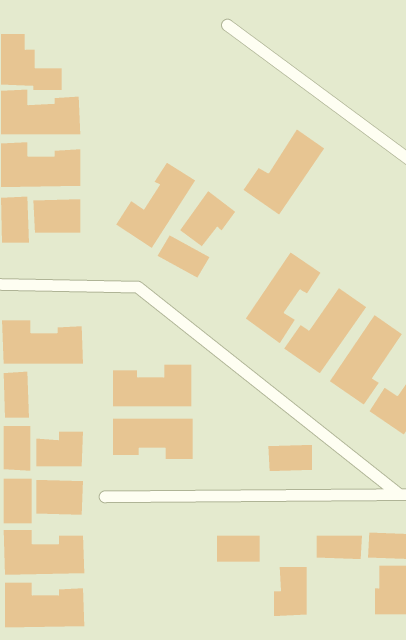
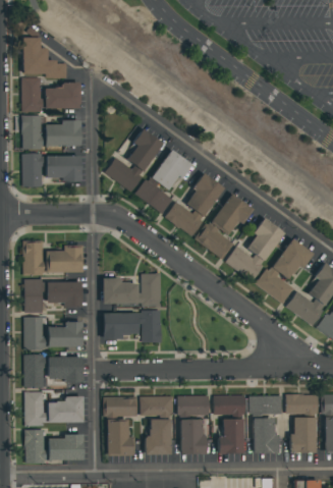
building: [243,129,325,215] -> [165,174,224,236]
building: none -> [47,282,82,308]
building: [267,444,313,472] -> [213,395,245,415]
building: none -> [141,396,173,414]
building: none -> [106,397,136,455]
building: none -> [180,419,205,454]
building: none -> [253,419,278,453]
building: none -> [145,420,170,454]

